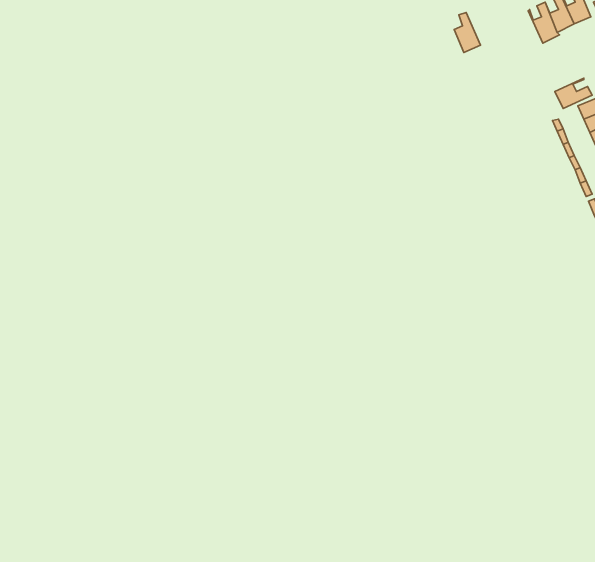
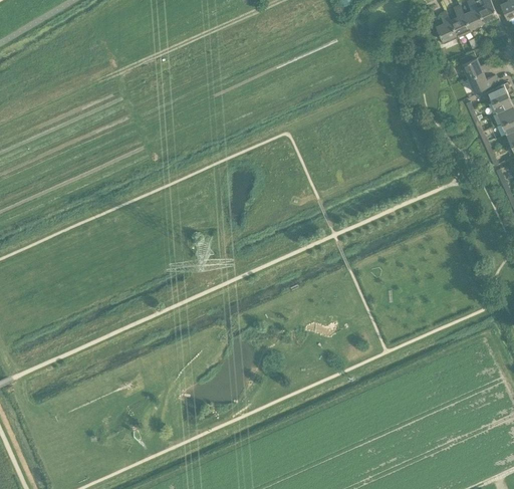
building: [454,13,481,52] -> [435,11,457,44]
building: none -> [459,52,491,78]

